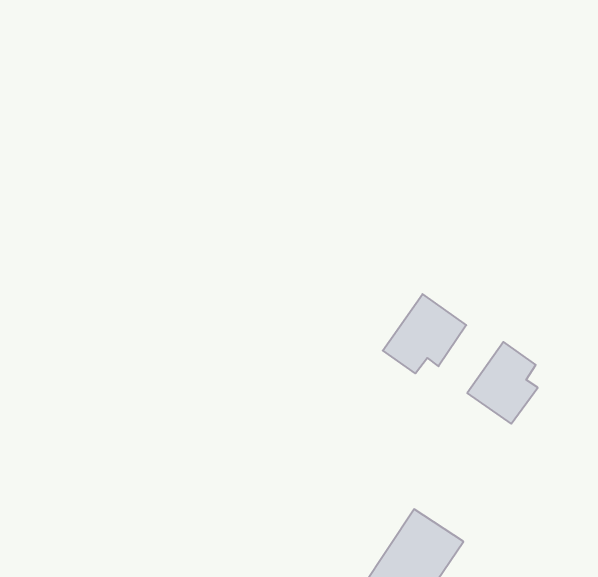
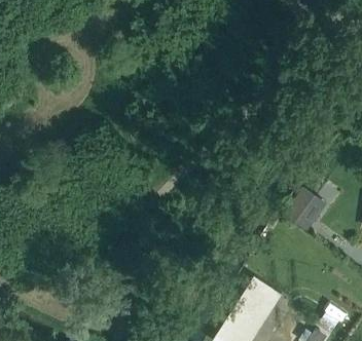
building: [383,294,466,373] -> none

